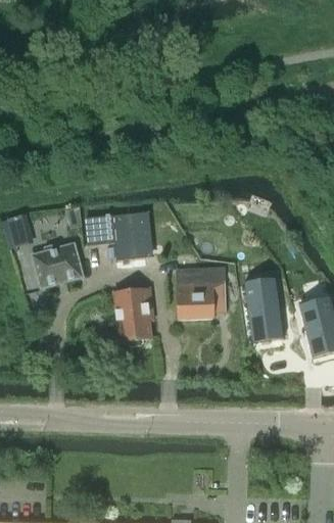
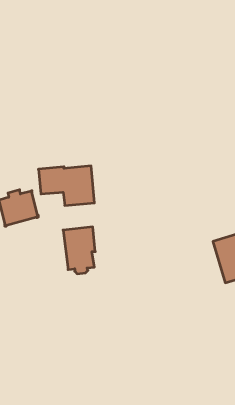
building: [177,268,225,318] -> none
building: [247,289,285,348] -> none

